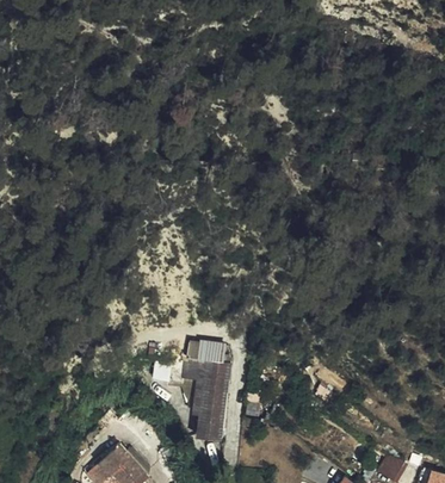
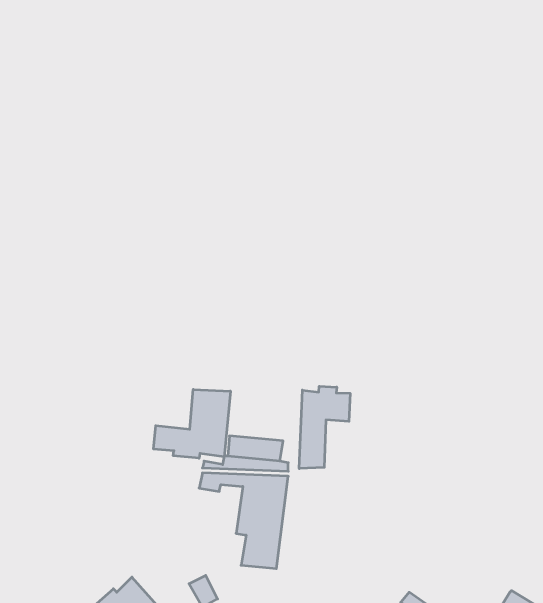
building: none -> [299,386,350,469]
building: none -> [154,389,230,458]

